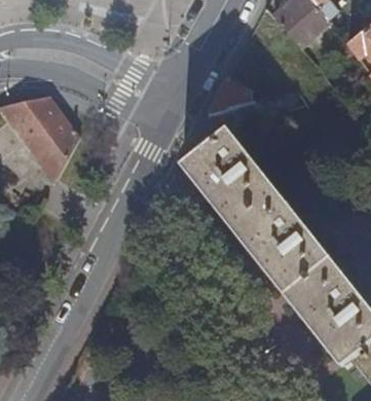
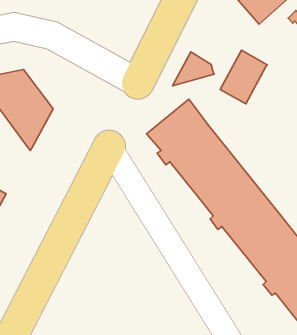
building: none -> [220,50,267,104]

